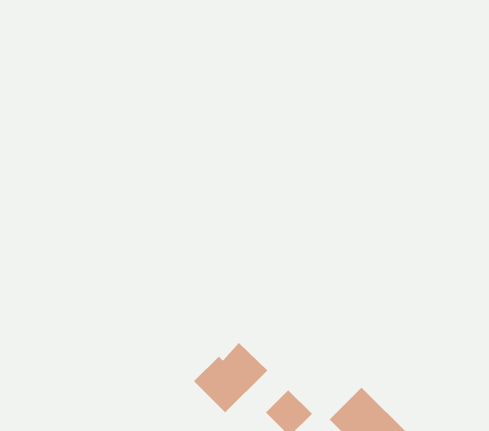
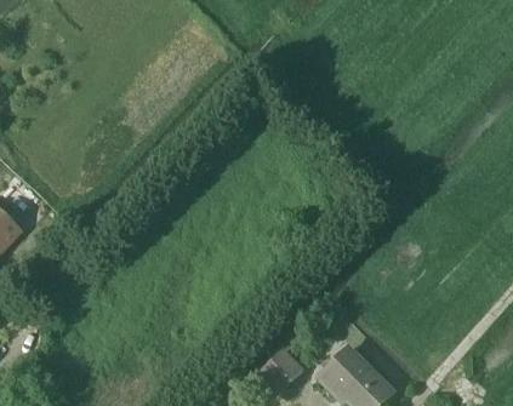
building: [193,342,268,413] -> none

